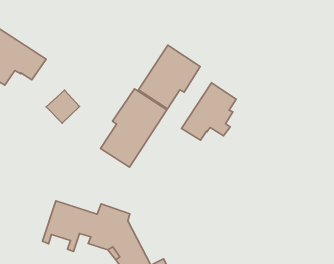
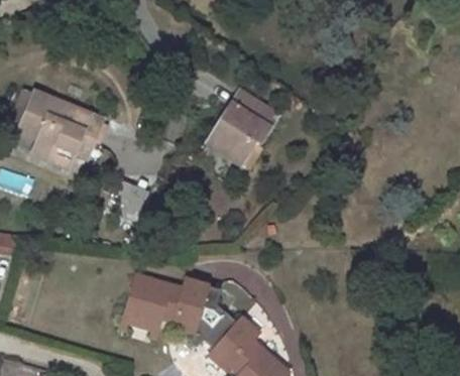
building: [182,83,236,140] -> none
building: [100,89,167,167] -> none

